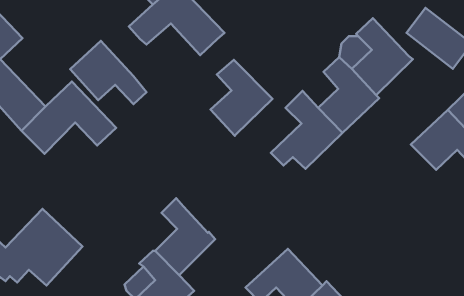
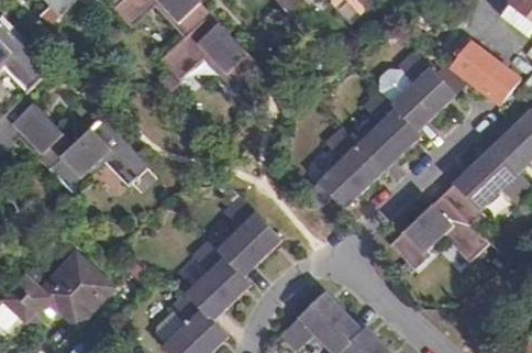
building: [70,41,147,104] -> none
building: [211,60,273,136] -> [217,196,281,275]
building: none -> [389,183,489,269]

